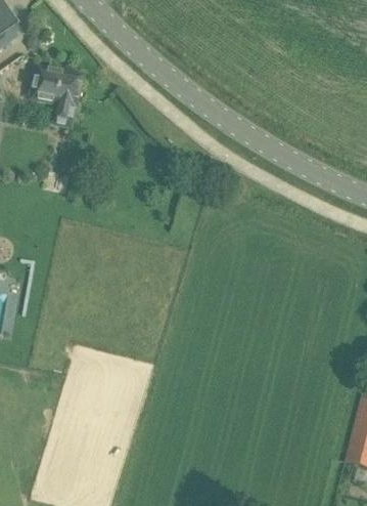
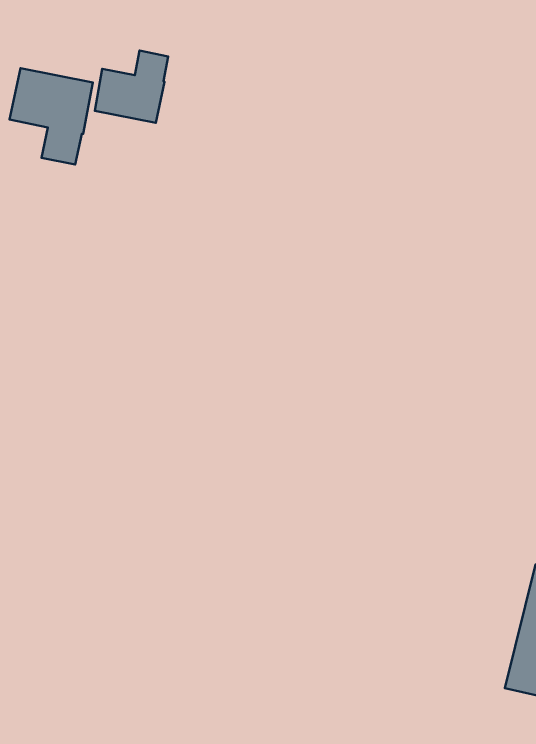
building: none -> [95,51,168,123]

